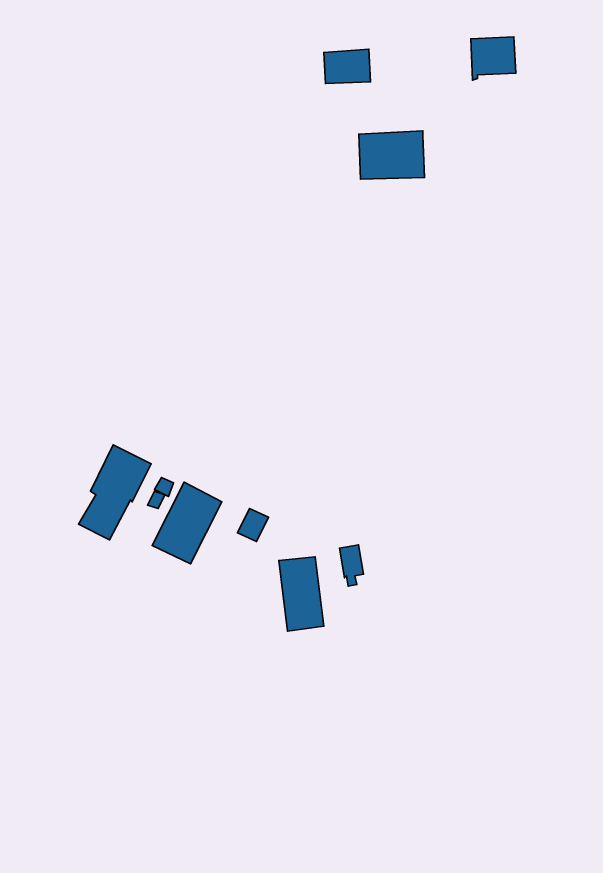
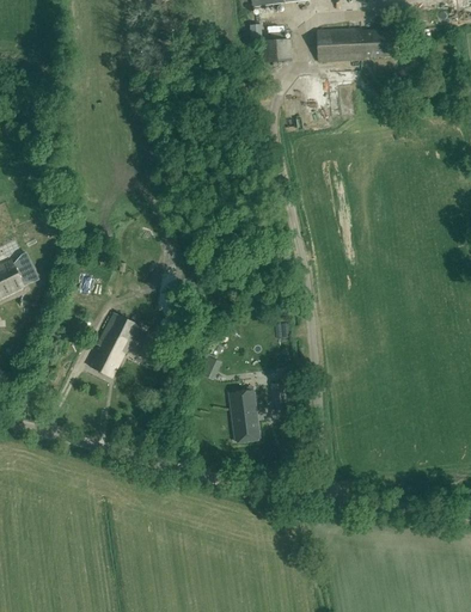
building: [359,131,425,179] -> [318,29,363,62]
building: [152,482,222,564] -> none

